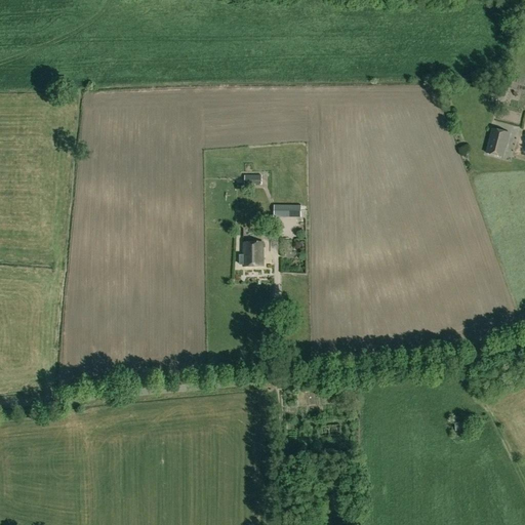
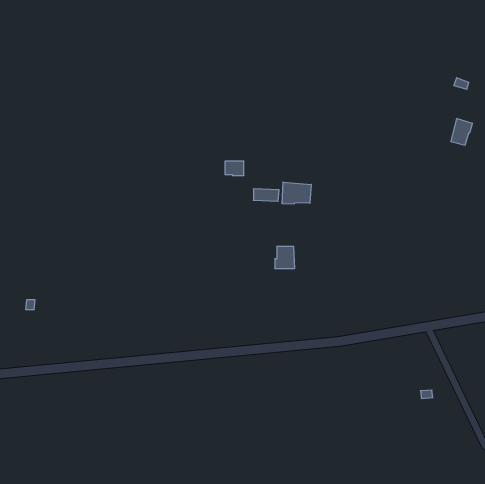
building: none -> [282,182,311,204]
building: [242,242,264,266] -> [275,247,295,268]

